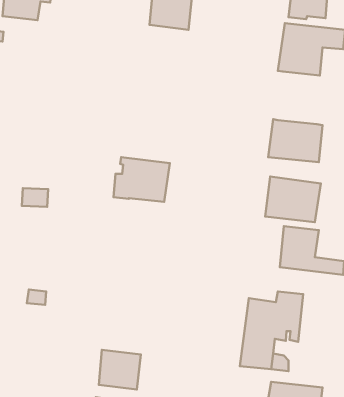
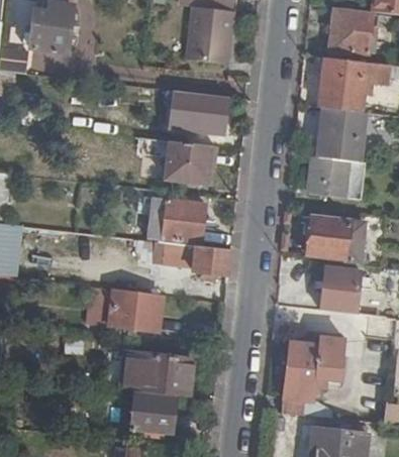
building: none -> [156,90,215,133]
building: none -> [318,107,365,161]
building: none -> [166,140,217,184]
building: none -> [162,242,231,275]
building: none -> [89,285,164,330]
building: none -> [120,350,193,397]

